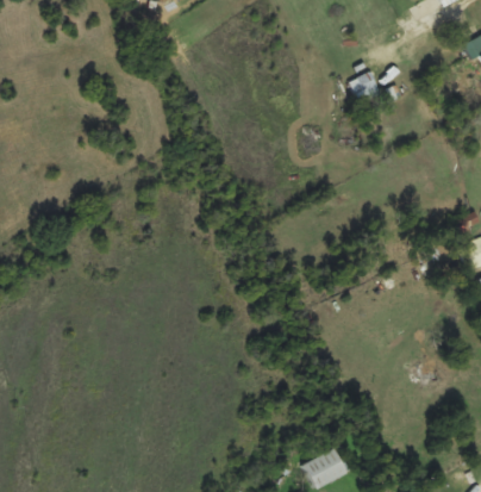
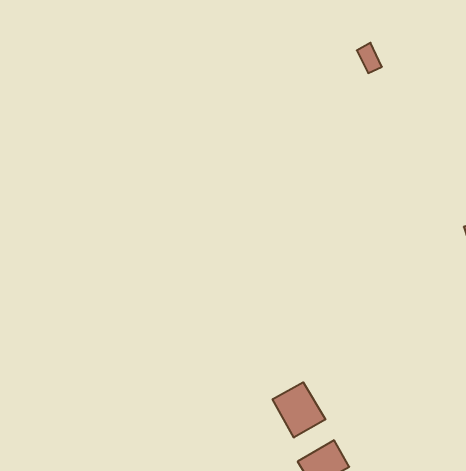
building: none -> [273,382,325,438]

